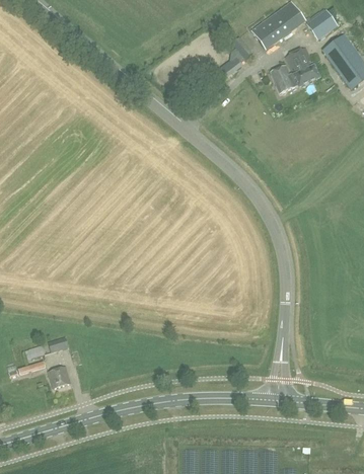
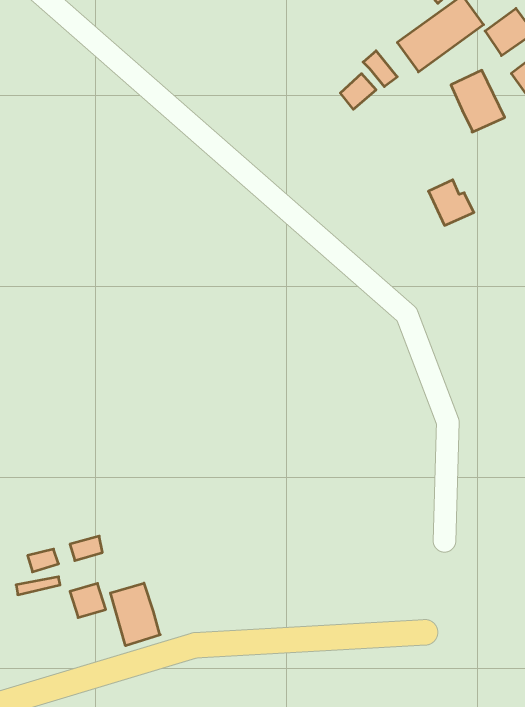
building: [270,65,298,93] -> [428,180,474,225]
building: none -> [110,583,160,646]

